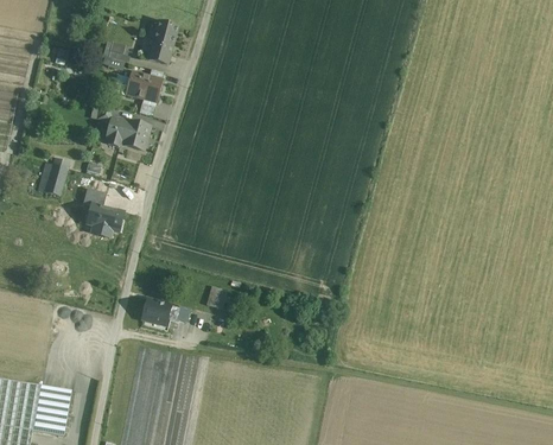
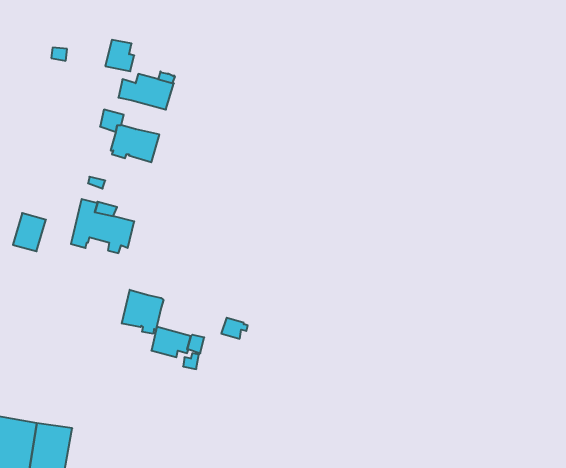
building: [148,21,177,65] -> none
building: [37,163,66,197] -> [13,213,46,251]
building: none -> [122,290,163,334]

